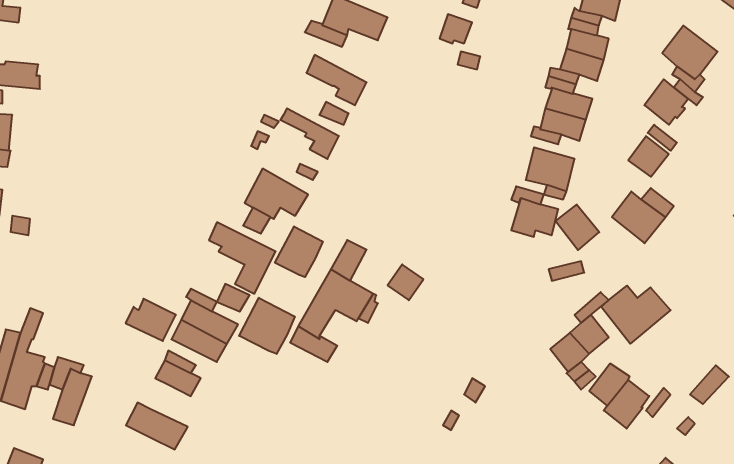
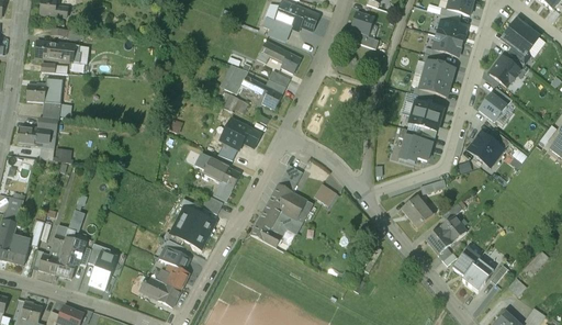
building: [555,205,599,250] -> [402,197,431,227]
building: [275,226,323,277] -> none
building: [601,286,671,344] -> none
building: [239,298,295,354] -> none
building: [126,299,176,341] -> [156,262,190,291]

